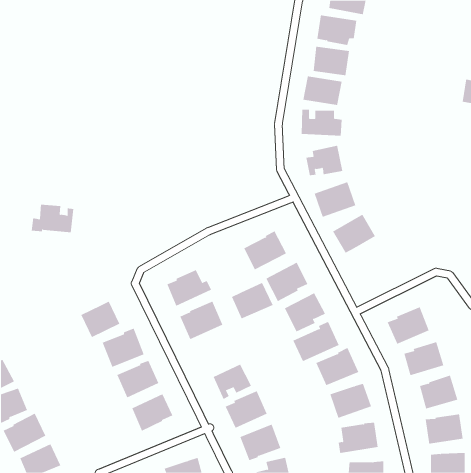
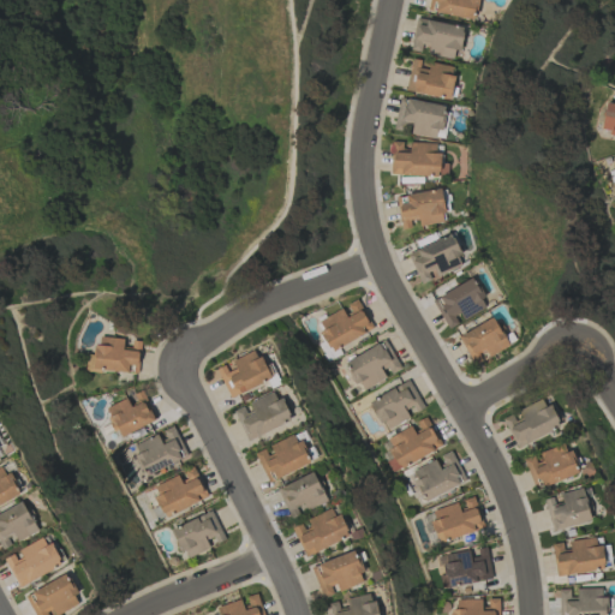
building: [31,204,74,233] -> [86,336,143,374]
building: none -> [460,318,510,365]
building: [231,282,274,319] -> [257,434,312,482]

